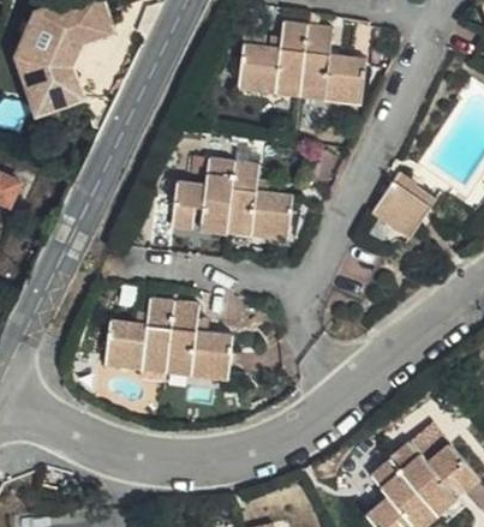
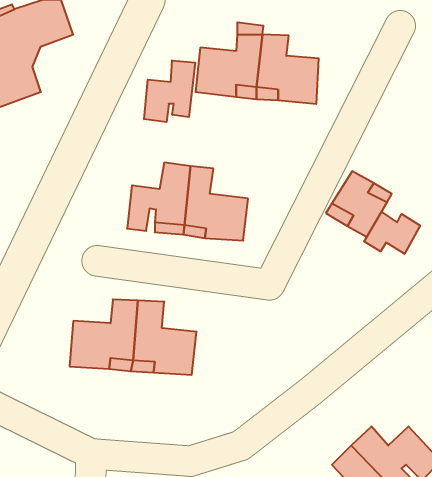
building: none -> [144,60,195,122]
building: none -> [364,212,420,254]

